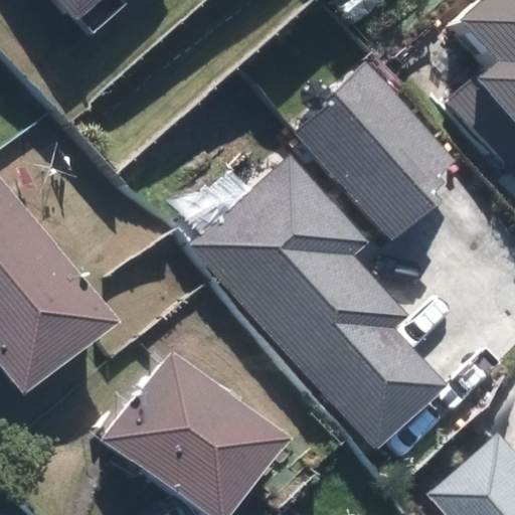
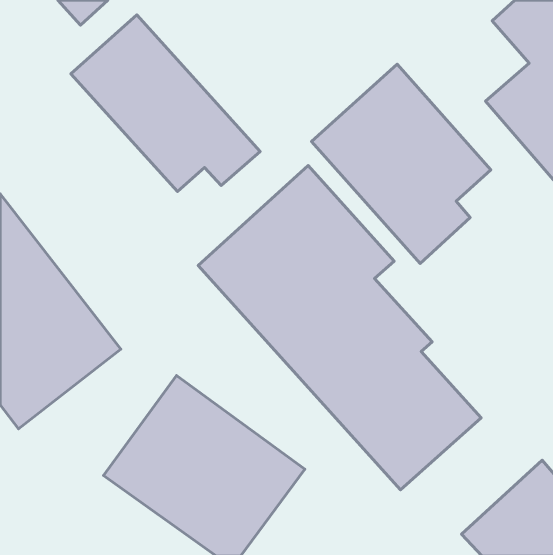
building: none -> [71,15,260,191]

